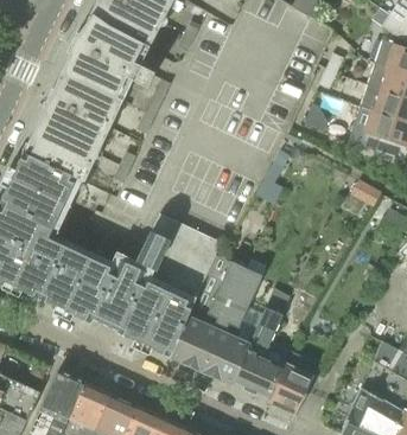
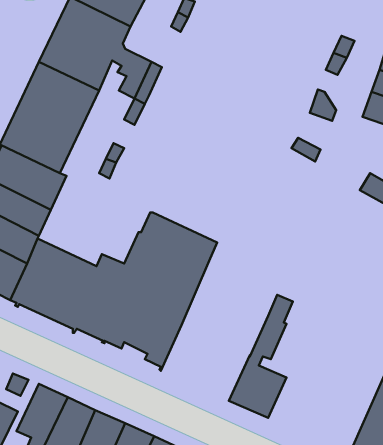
building: [168,257,266,385] -> none
building: [266,352,318,415] -> none

